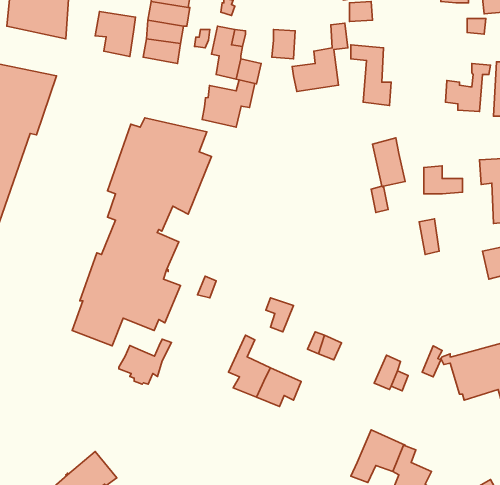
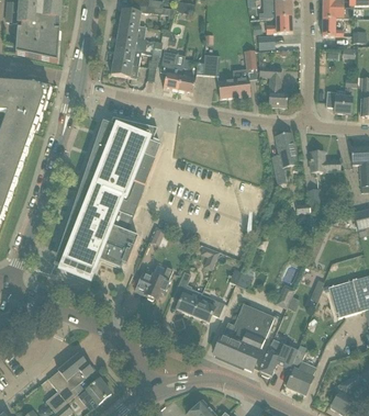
building: [95,12,135,56] -> none
building: [202,80,255,127] -> none
building: [119,339,172,384] -> [136,267,174,299]
building: none -> [214,303,273,369]

